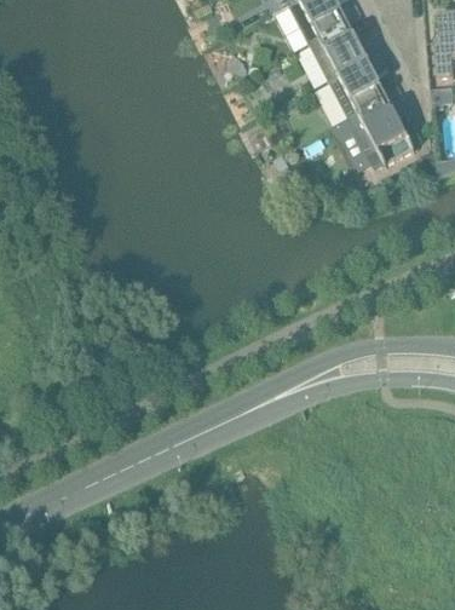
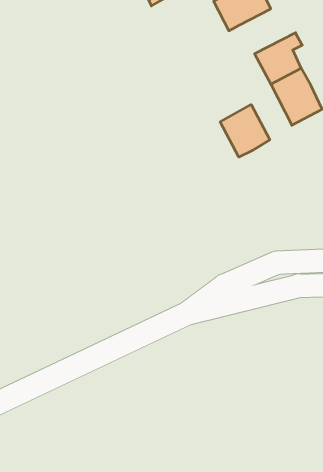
building: [306,22,378,79] -> none
building: none -> [220,105,270,157]

